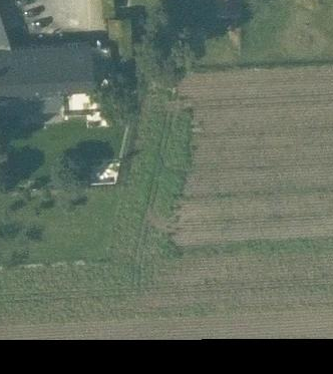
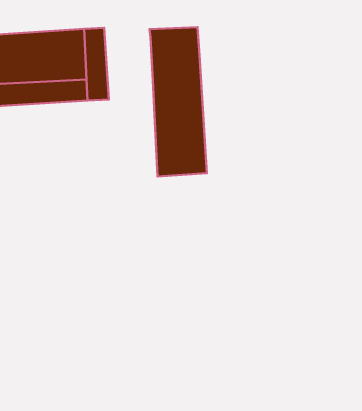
building: none -> [149,27,207,176]

